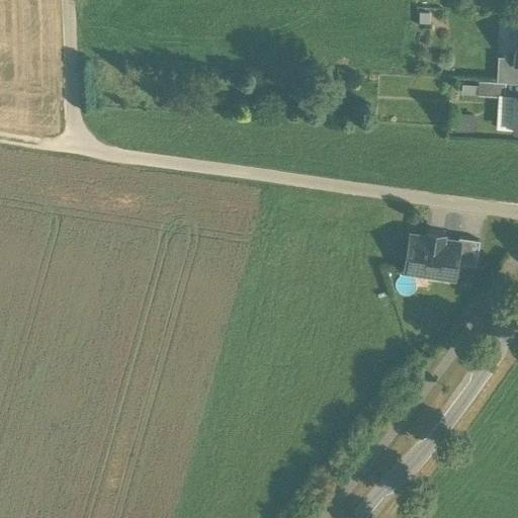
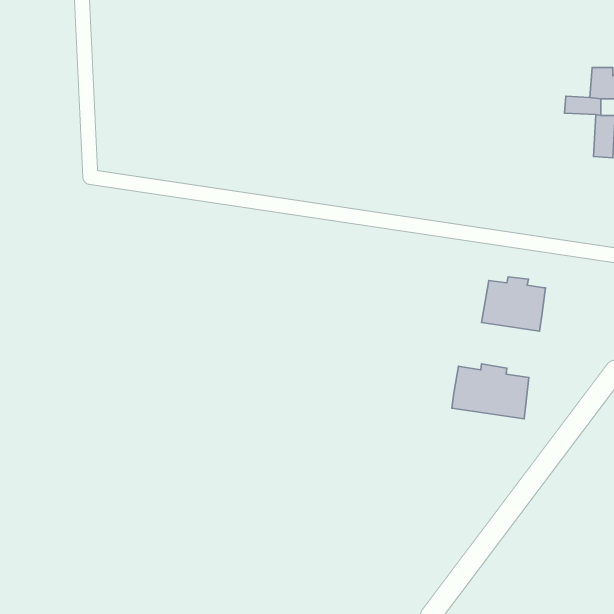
building: [456,240,481,269] -> none
building: none -> [452,364,529,419]

